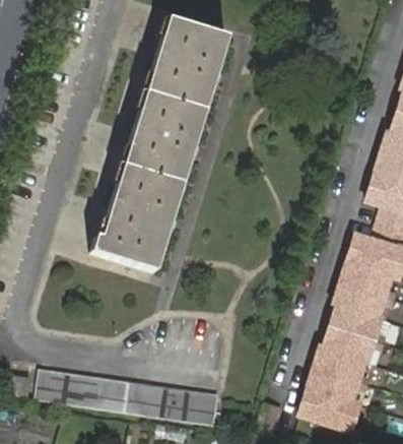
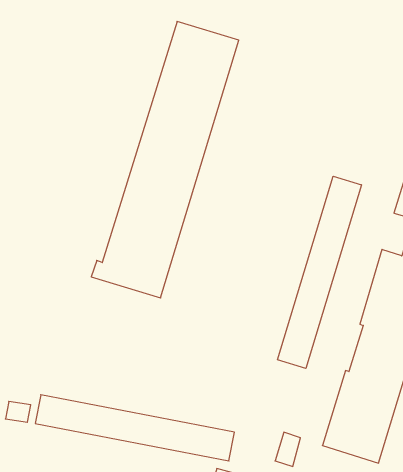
building: none -> [278,176,361,368]

